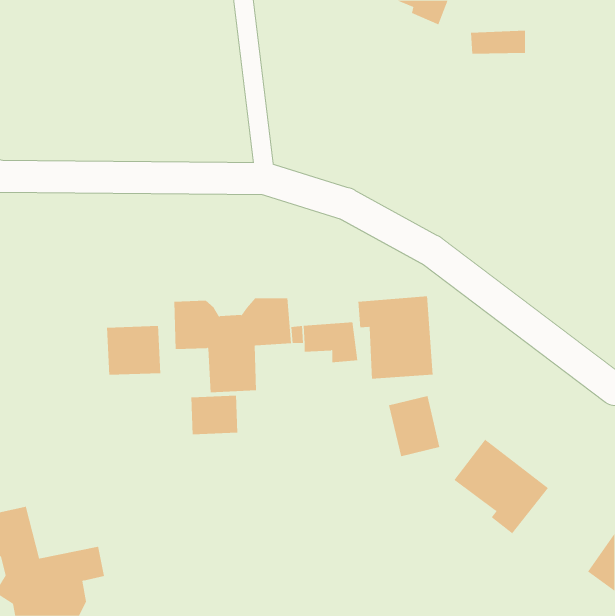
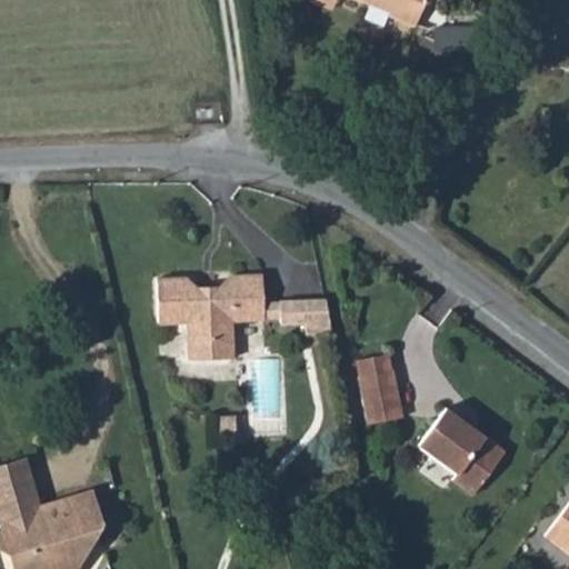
building: [358,296,433,379] -> none
building: [107,325,161,376] -> none
building: [191,395,238,435] -> none

